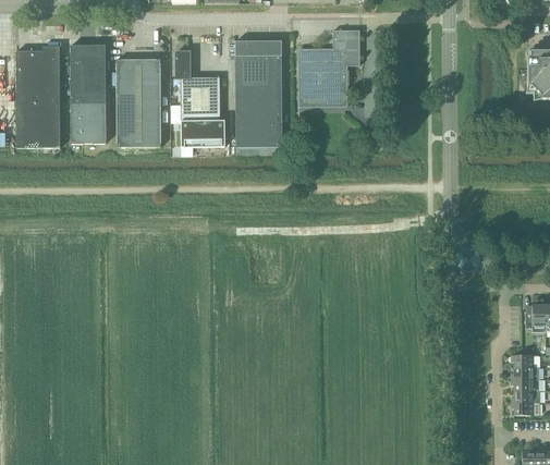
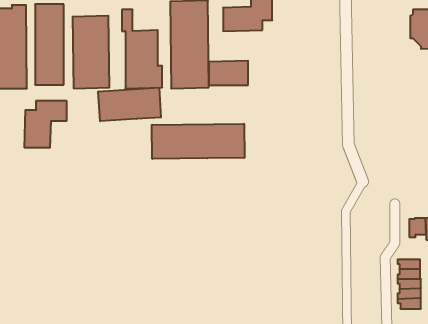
building: [298,76,346,106] -> [209,61,248,85]
building: none -> [98,88,161,121]
building: none -> [25,101,66,148]
building: none -> [152,124,244,159]

